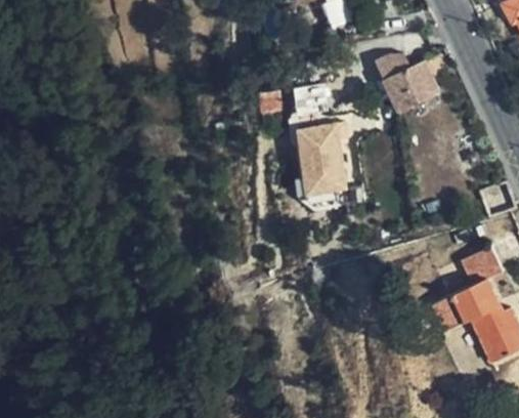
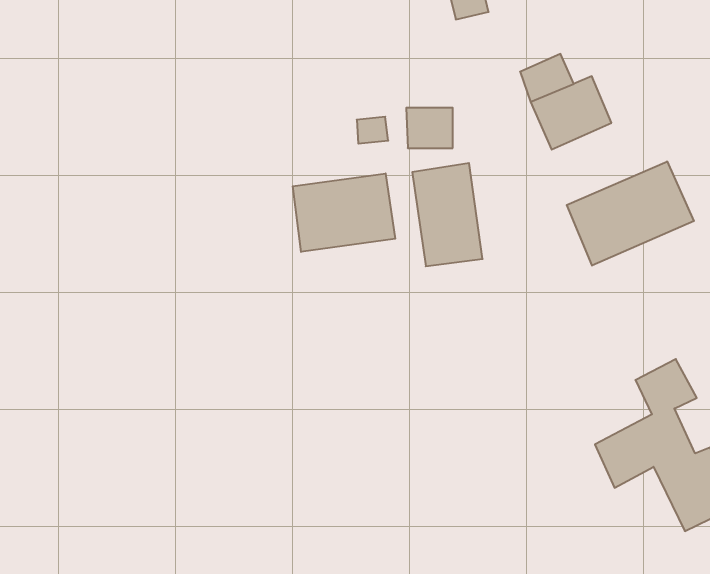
building: none -> [567,161,694,266]
building: none -> [293,173,395,252]

